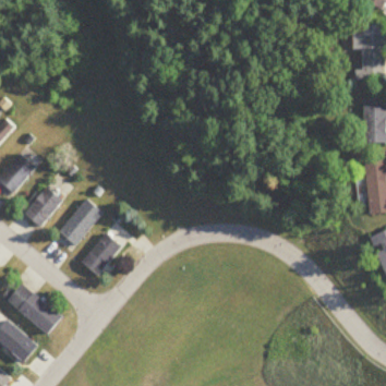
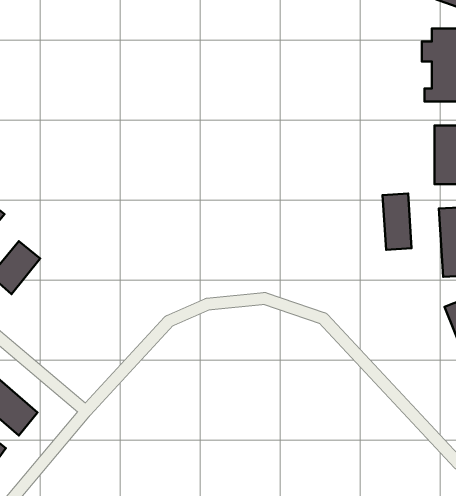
building: none -> [383,193,412,250]
building: [58,198,102,245] -> none
building: [80,233,121,275] -> none

